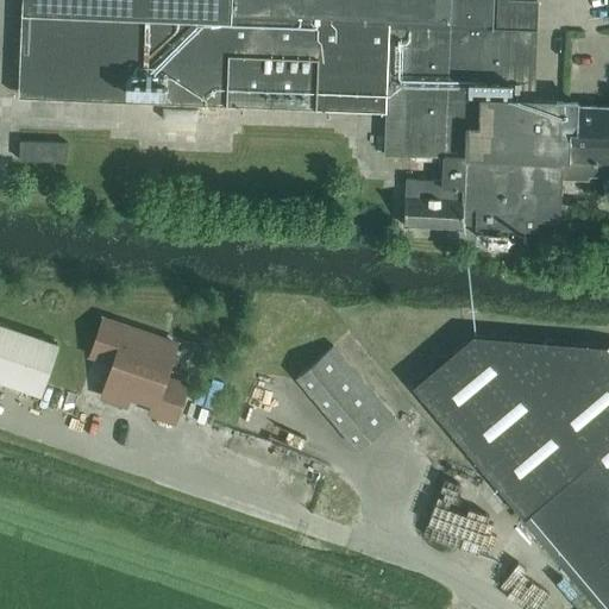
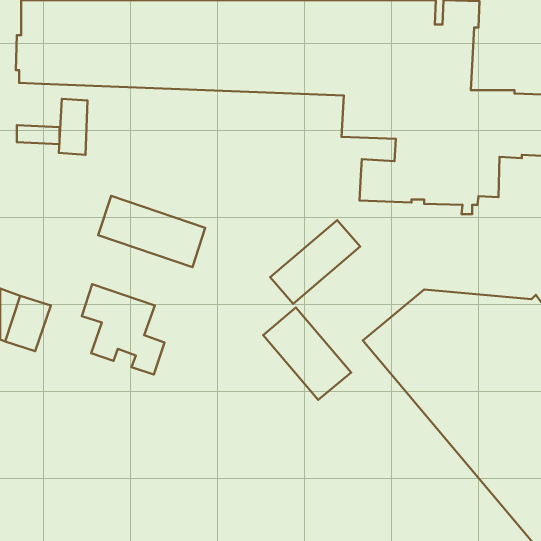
building: none -> [59,99,87,155]
building: none -> [98,196,205,267]
building: none -> [270,220,360,304]

